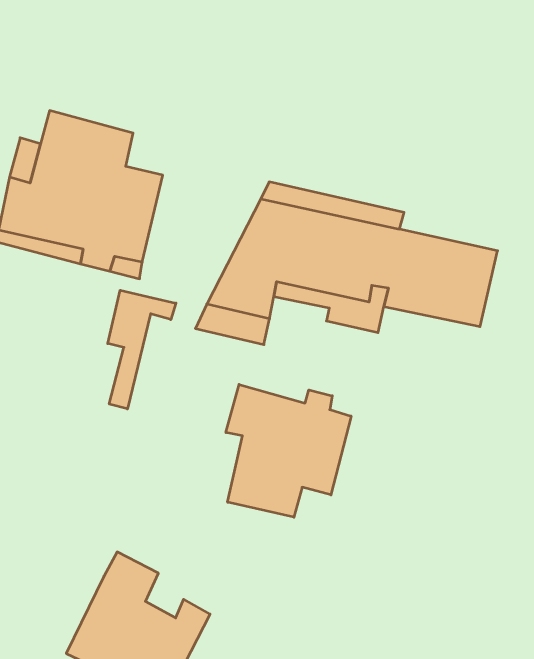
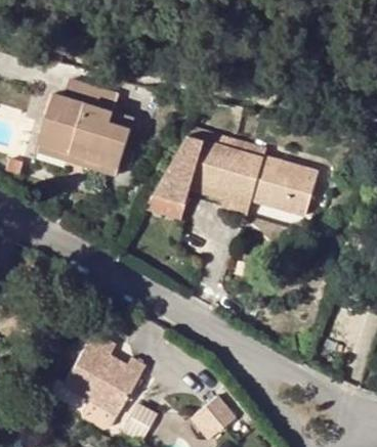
building: [108,290,176,409] -> none
building: [226,384,351,517] -> none

